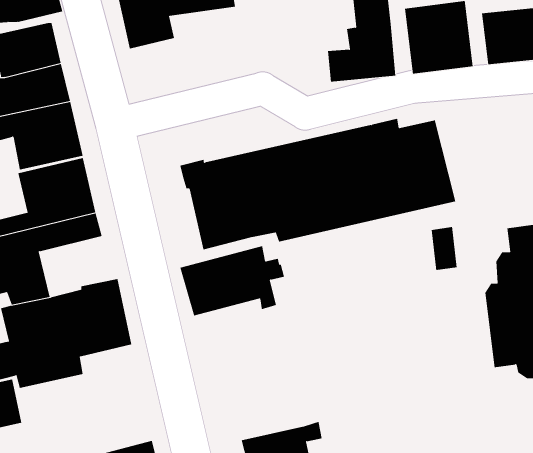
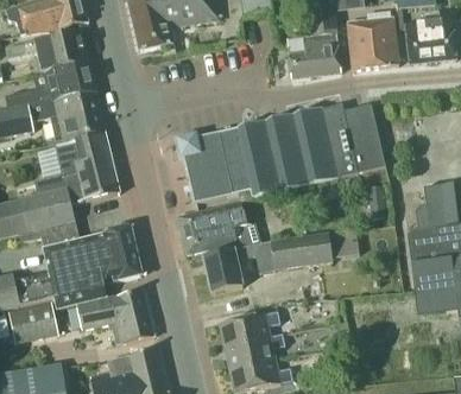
building: none -> [203,225,375,293]
building: none -> [76,290,153,345]
building: none -> [219,310,280,347]

